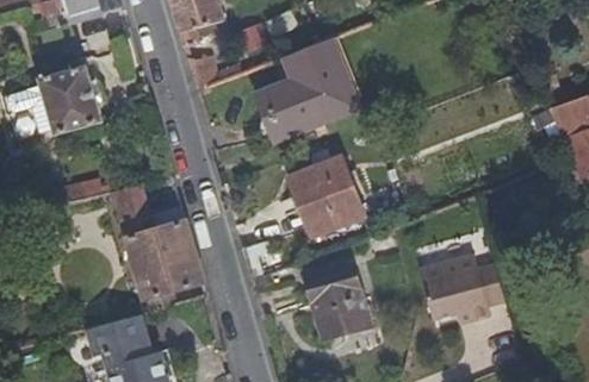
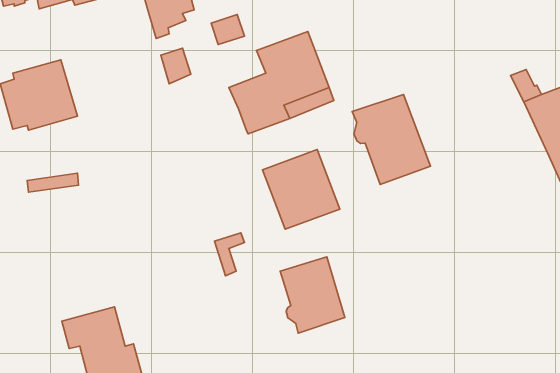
building: none -> [352,94,431,184]
building: [112,186,202,309] -> none
building: [417,256,503,325] -> none

